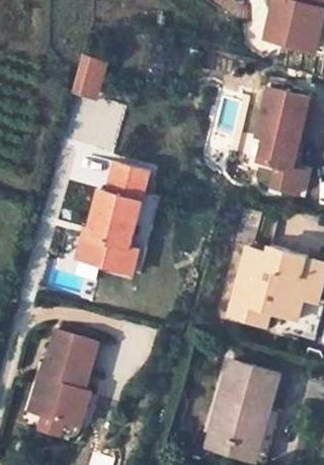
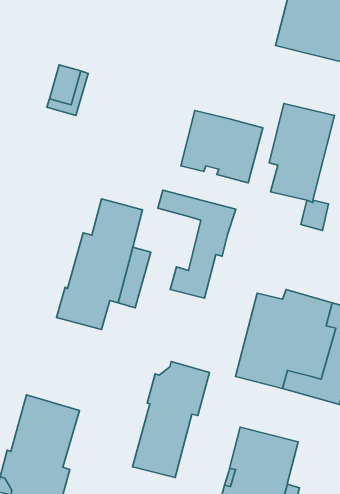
building: none -> [181,110,263,183]
building: none -> [158,190,236,298]
building: none -> [133,362,210,478]

